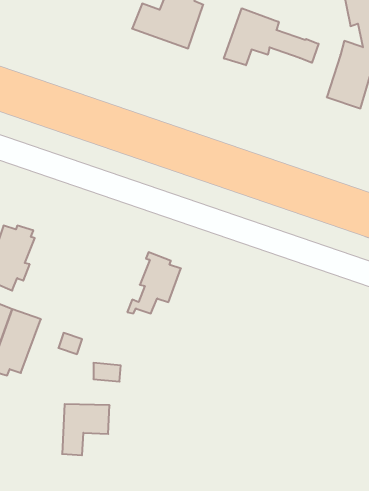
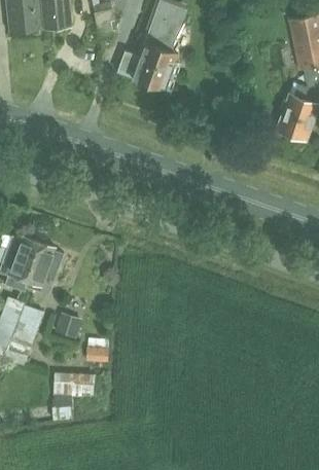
building: [224,8,319,65] -> none
building: [127,252,181,313] -> [20,238,64,288]

